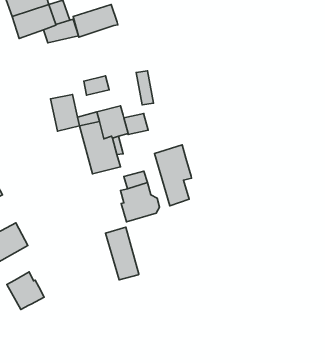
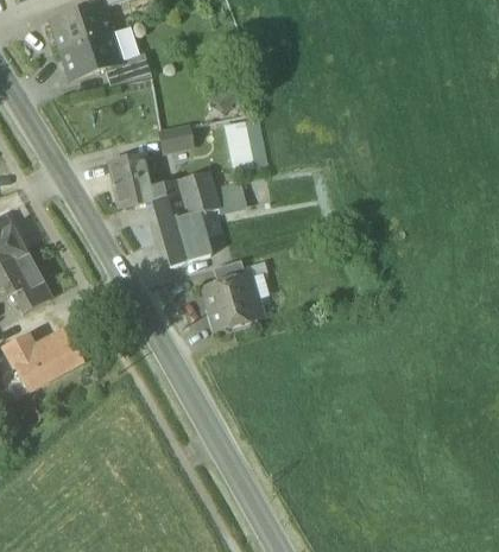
building: [73,5,118,37] -> none
building: [155,145,191,206] -> none
building: [106,227,139,280] -> none
building: [7,272,44,310] -> none

